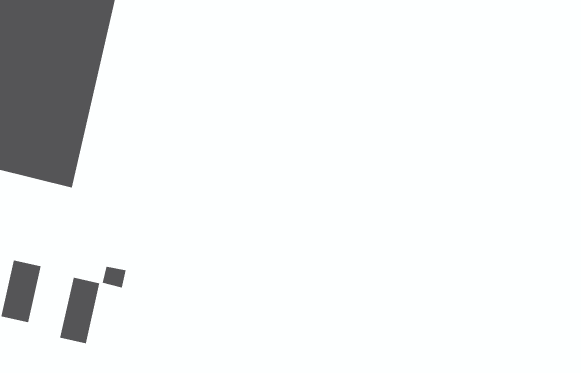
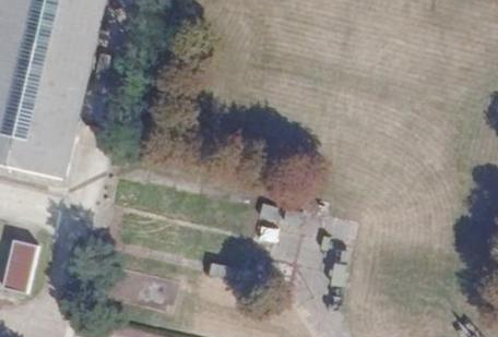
building: [60,277,100,344] -> none

